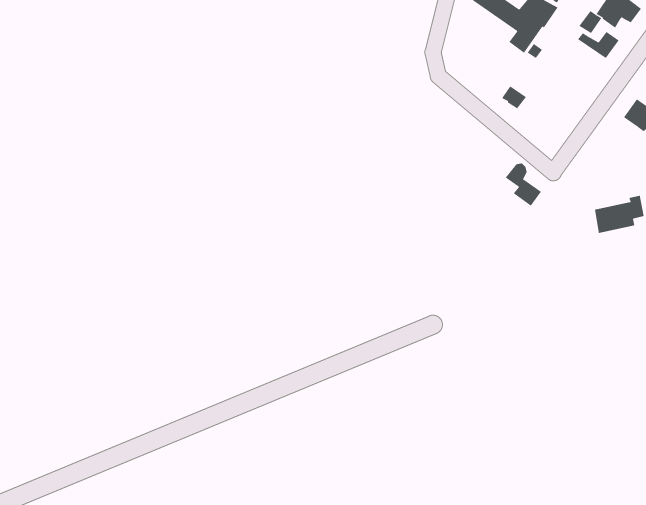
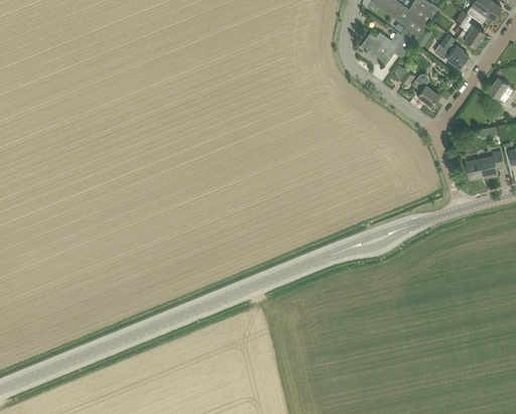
building: none -> [360,32,411,65]
building: none -> [434,34,469,68]
building: [505,163,542,206] -> [411,74,439,107]

